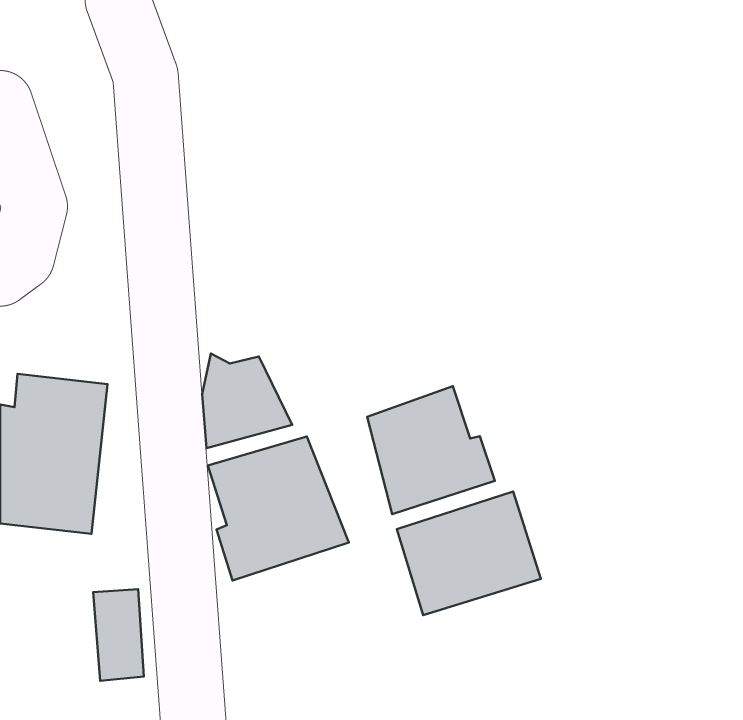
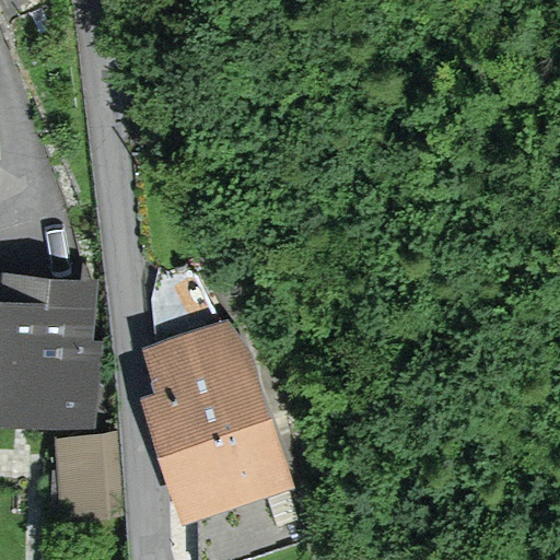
building: [367,386,495,514] -> none
building: [397,492,541,615] -> [175,425,283,518]

